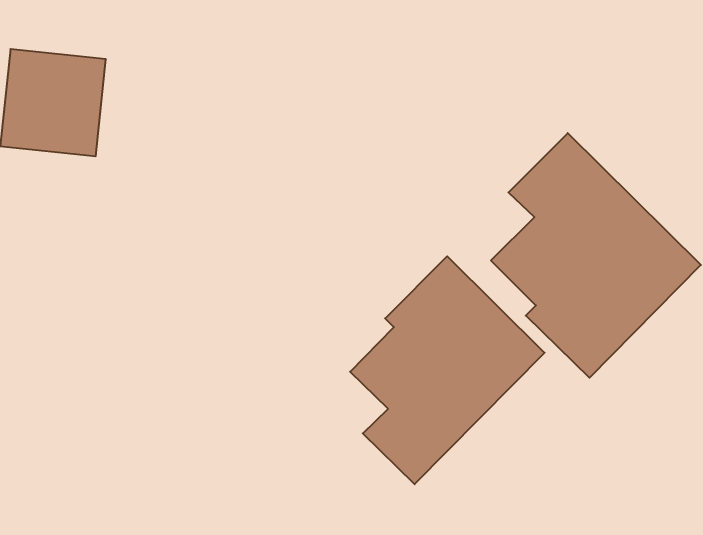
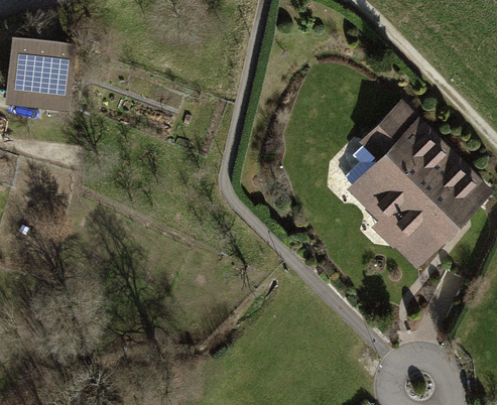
building: [350,256,545,484] -> none

